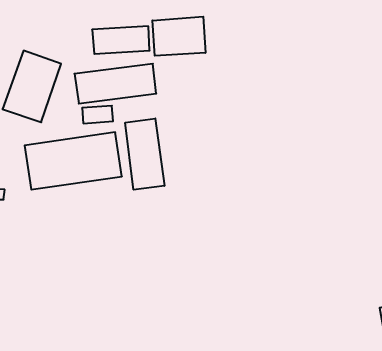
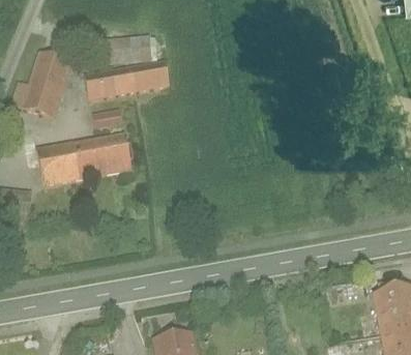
building: [152,17,205,56] -> none
building: [125,118,164,190] -> none

